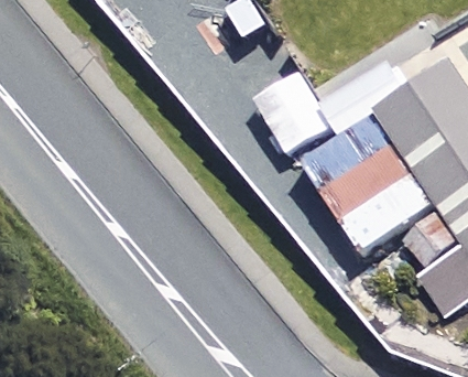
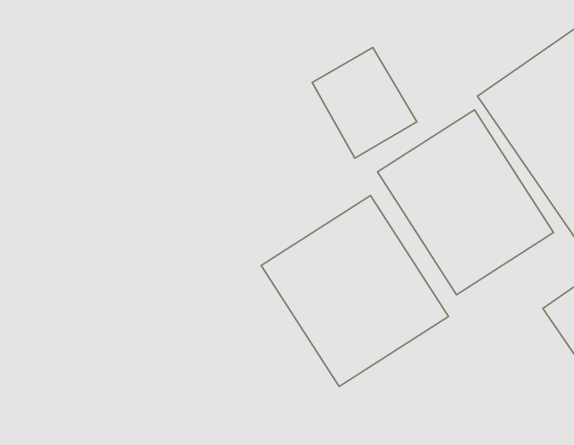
building: none -> [261,195,448,387]

